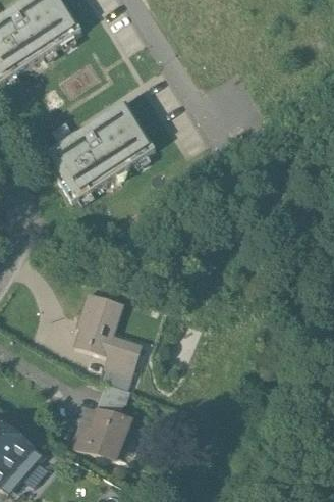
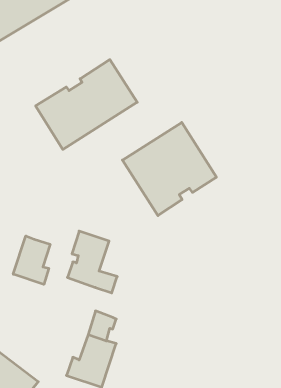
building: none -> [122,122,216,216]
building: none -> [13,236,50,284]
building: [101,354,136,388] -> none

